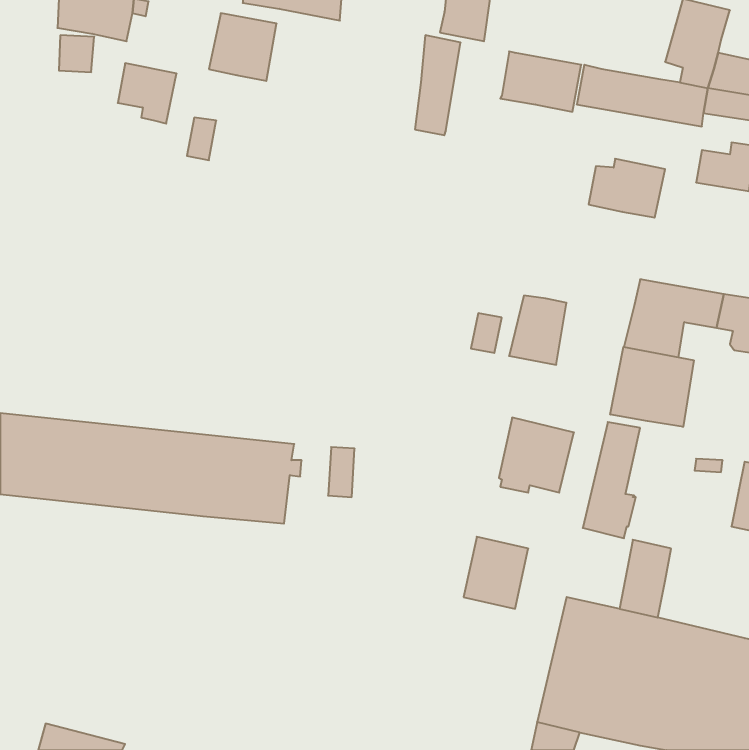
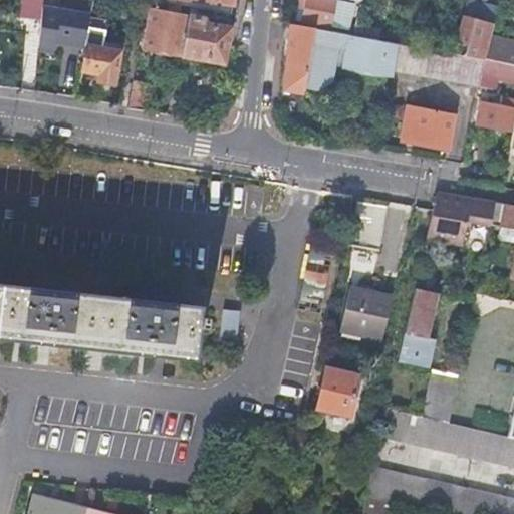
building: none -> [184,16,232,63]
building: none -> [306,29,349,91]
building: [610,347,694,427] -> none

